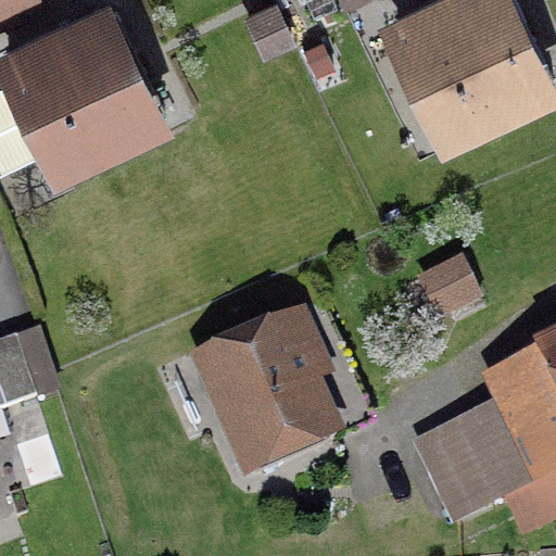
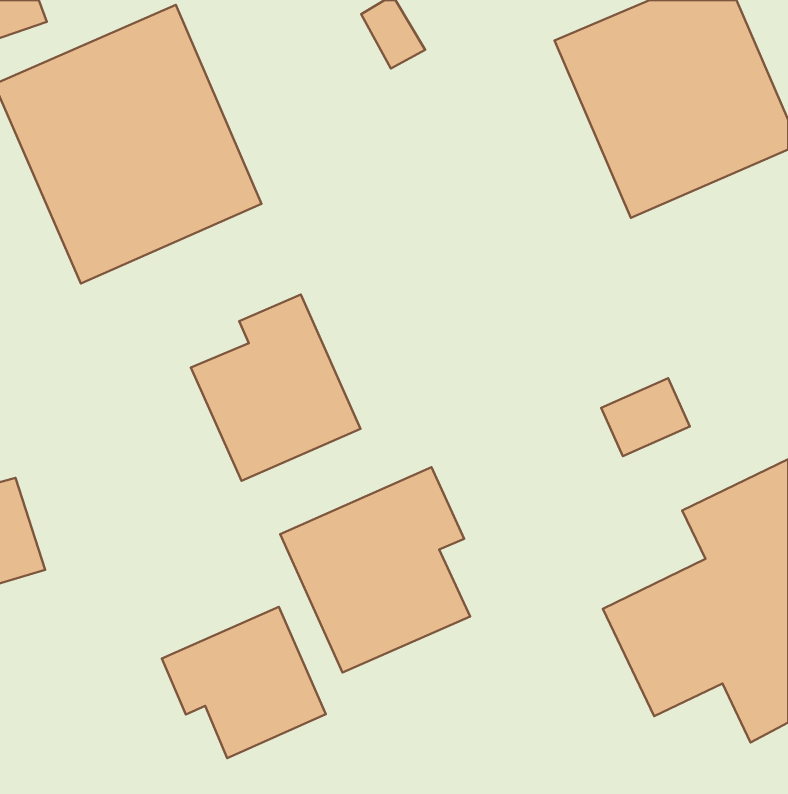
building: none -> [191,294,360,481]
building: none -> [162,607,326,758]

